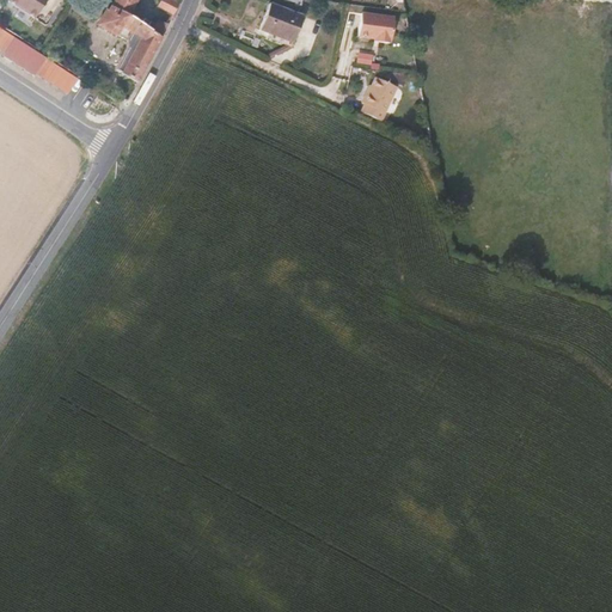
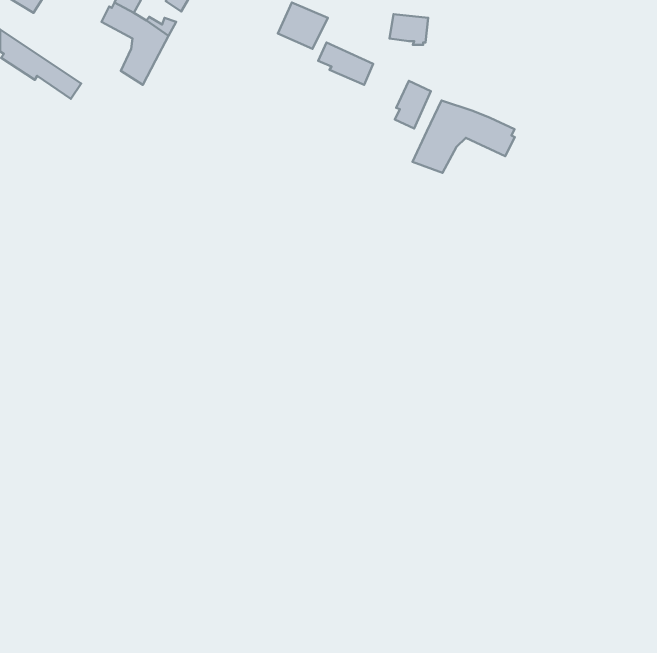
building: none -> [318,42,373,85]
building: none -> [412,101,515,173]

